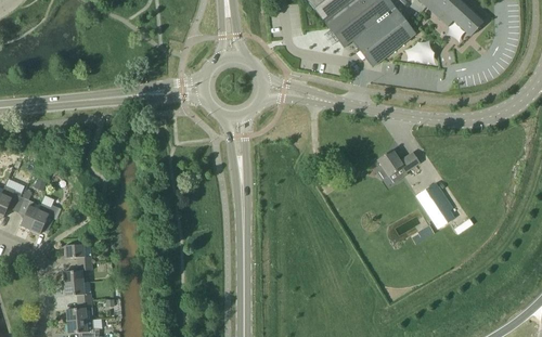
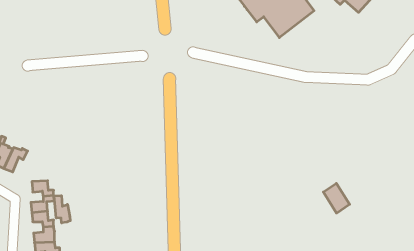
building: [378,148,423,178] -> none
building: [417,183,450,220] -> [323,183,350,213]
building: none -> [54,196,70,223]

